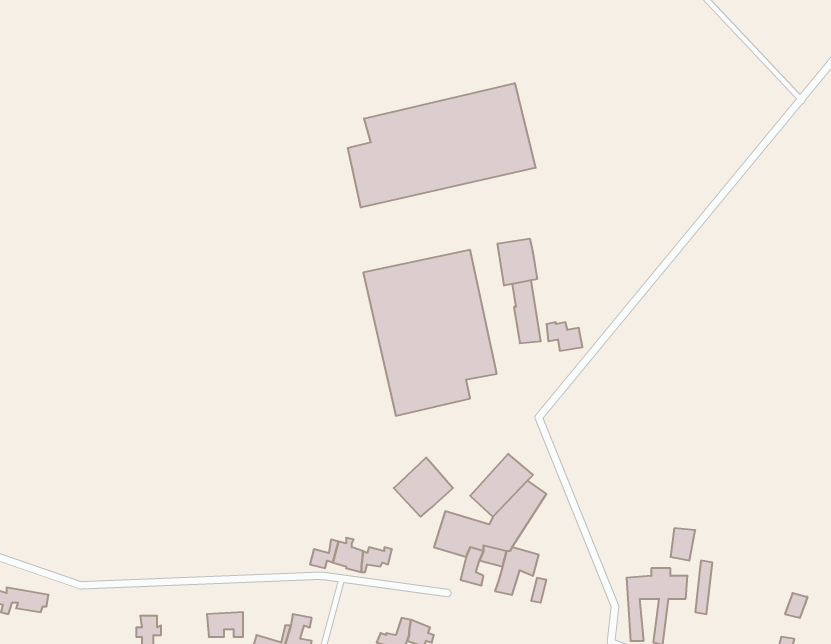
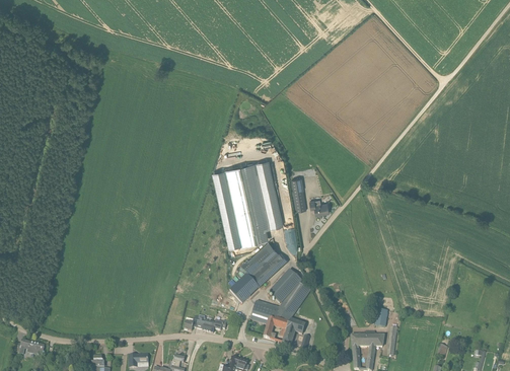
building: [348,83,536,208] -> none
building: [498,239,537,286] -> none
building: none -> [240,241,287,287]

